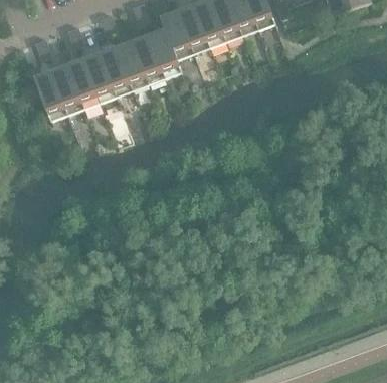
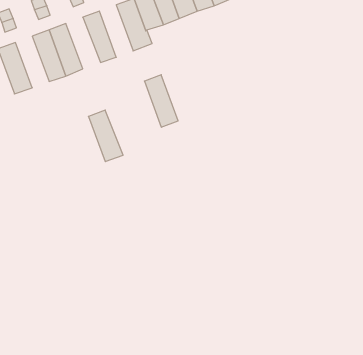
building: [133,34,165,84] -> [144,75,178,127]
building: [101,46,134,95] -> [88,110,123,162]
building: [52,64,84,114] -> none

